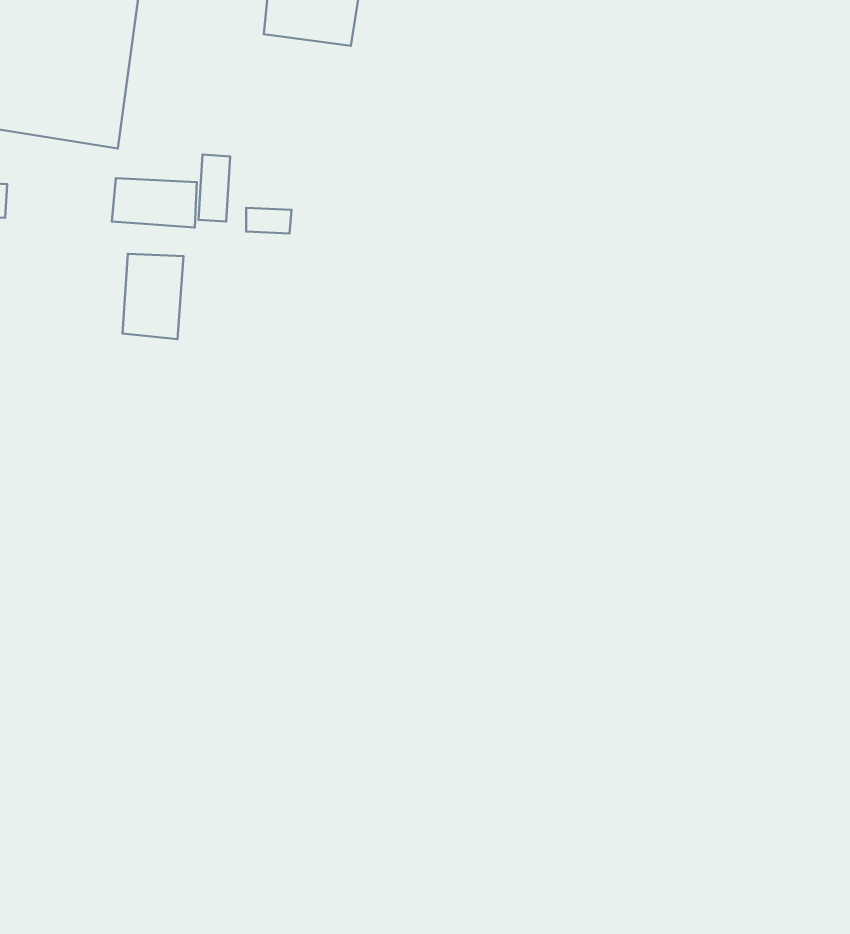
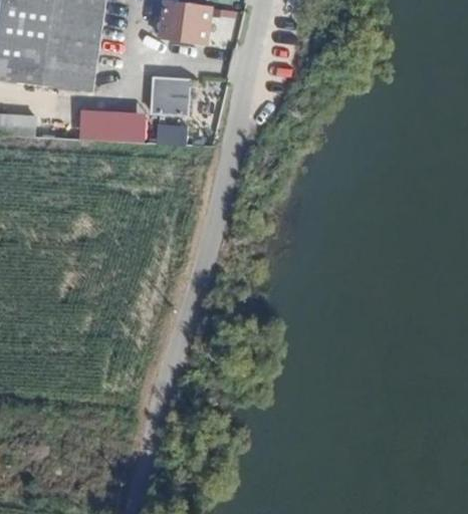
building: none -> [154,83,191,120]
building: [123,254,183,339] -> none

